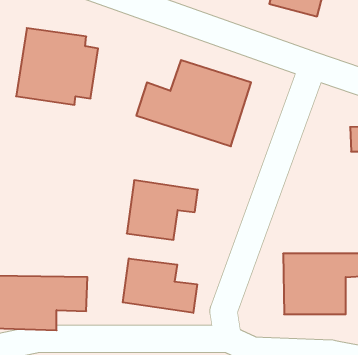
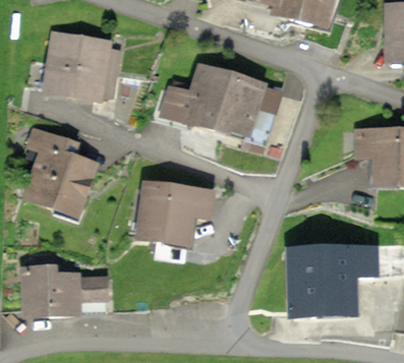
building: none -> [30,127,96,207]
building: [123,258,197,313] -> none

